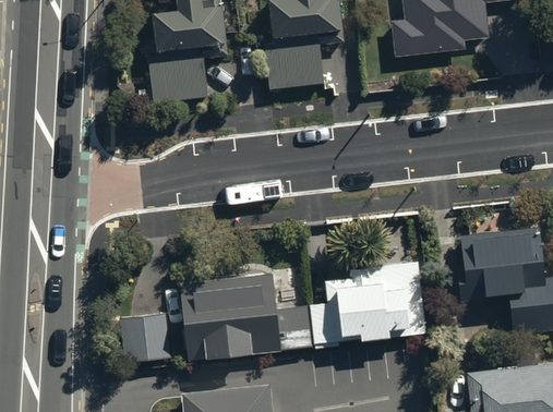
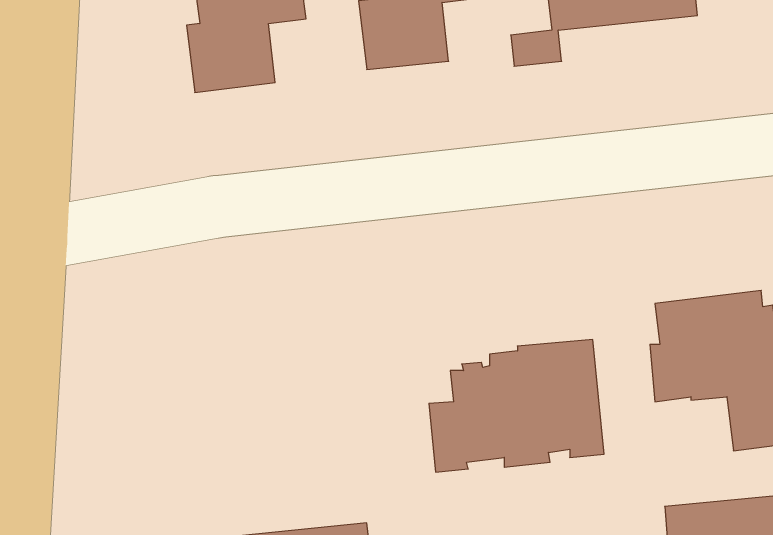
building: [178,270,312,361] -> none
building: [120,310,170,359] -> none

